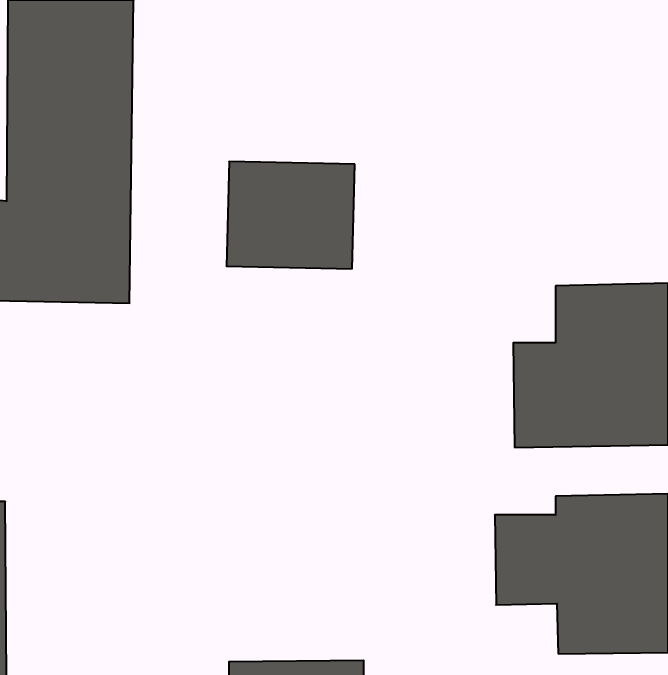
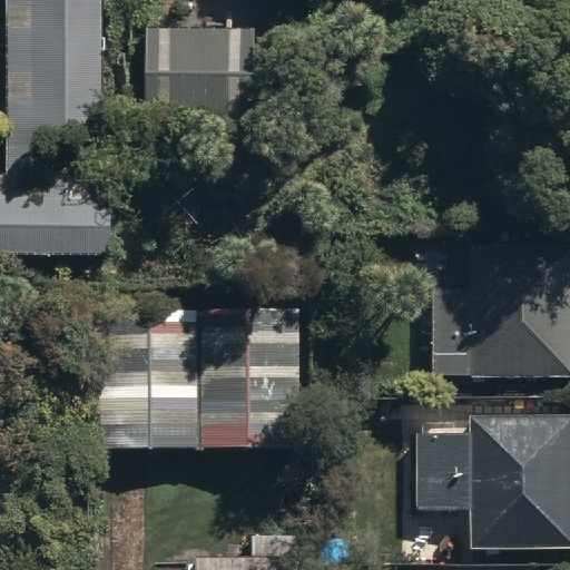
building: [226,162,355,269] -> [142,27,250,117]
building: none -> [125,308,297,451]

